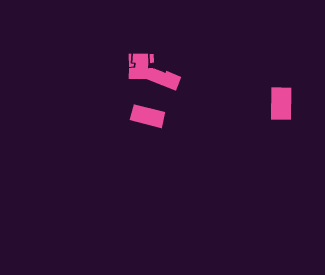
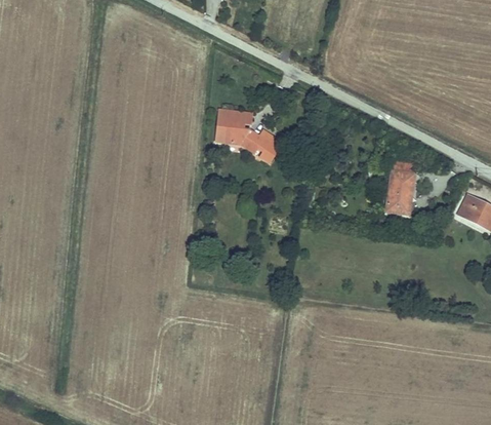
building: [129,103,166,129] -> none

